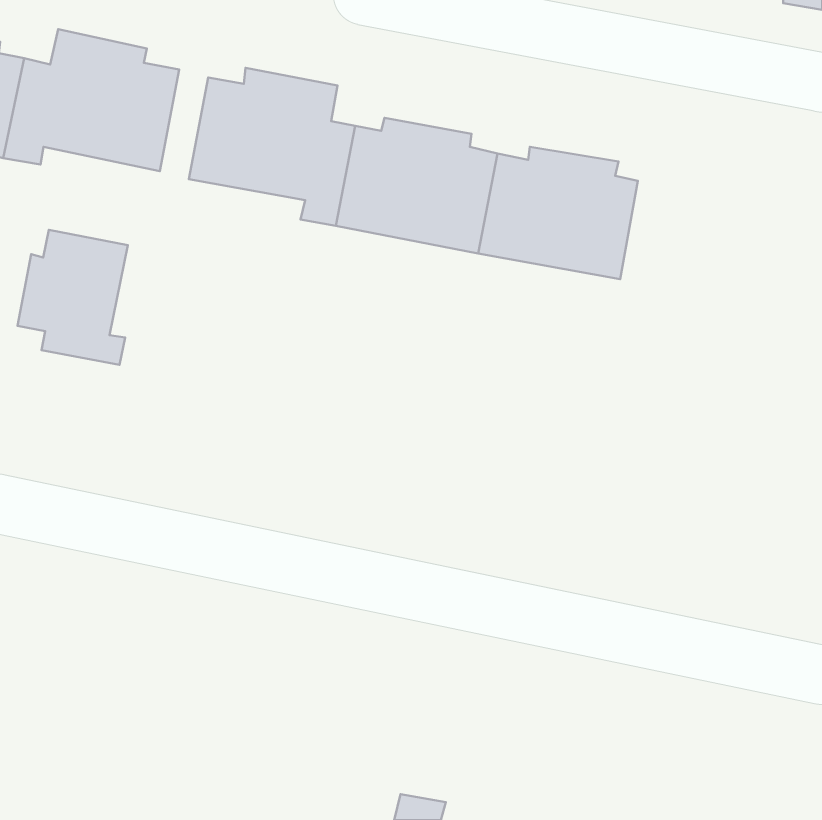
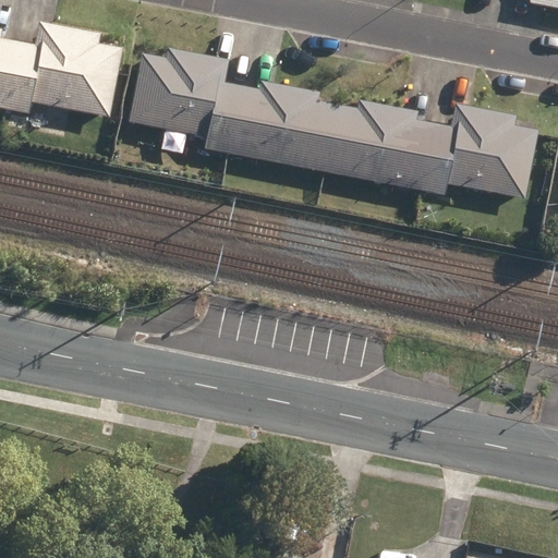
building: none -> [418,102,537,197]
building: [17,230,128,365] -> none

